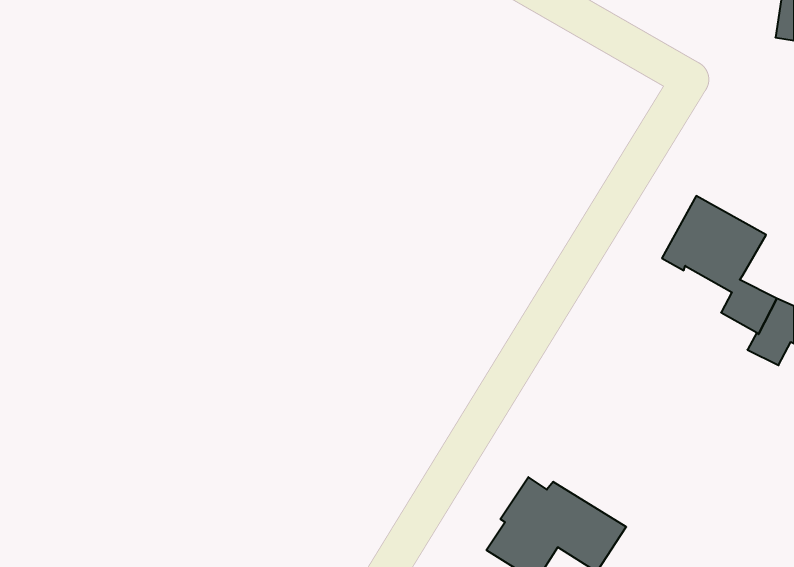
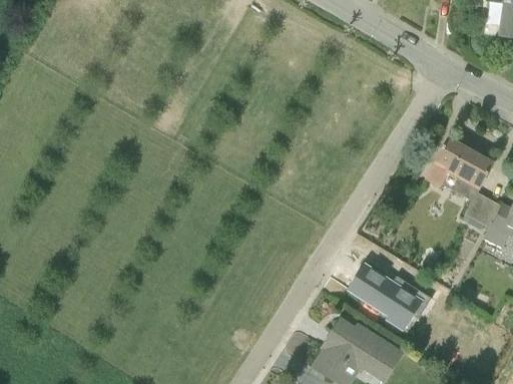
building: none -> [349,266,421,331]

